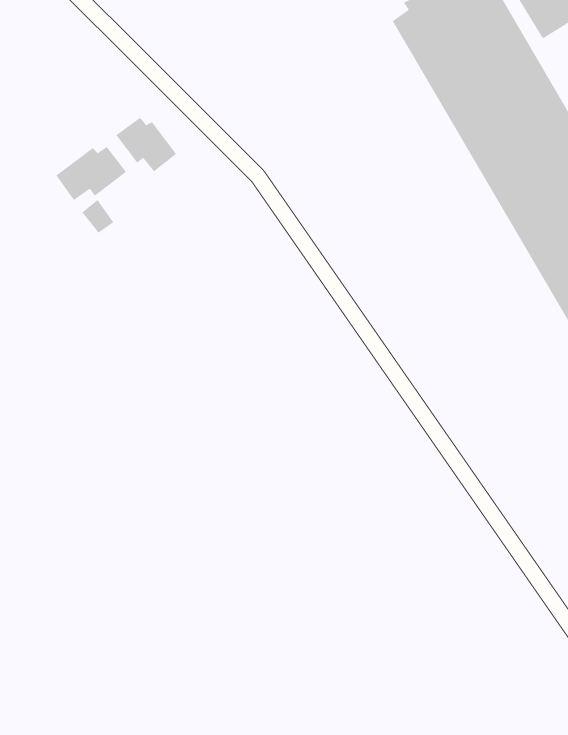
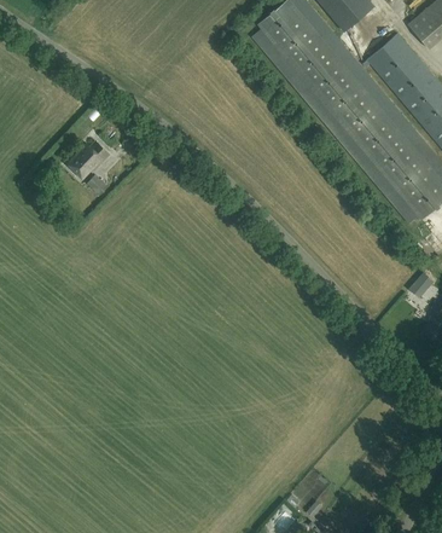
building: [116,117,177,172] -> none

